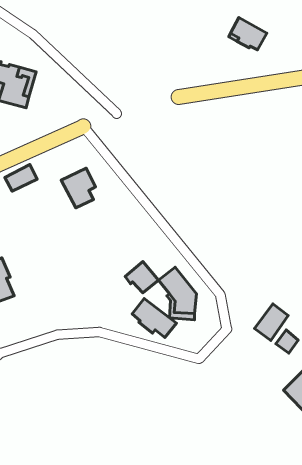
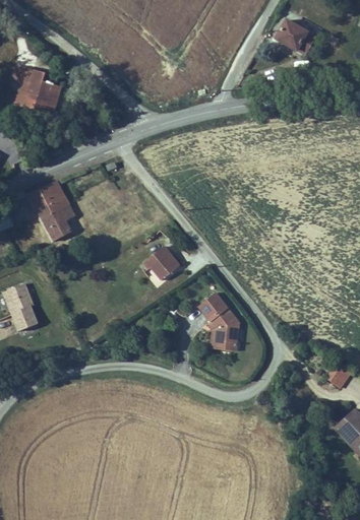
building: [61,168,95,208] -> [37,197,74,241]
building: [125,262,158,293] -> [143,247,180,281]
building: [132,299,176,337] -> none
building: [254,304,288,340] -> none

